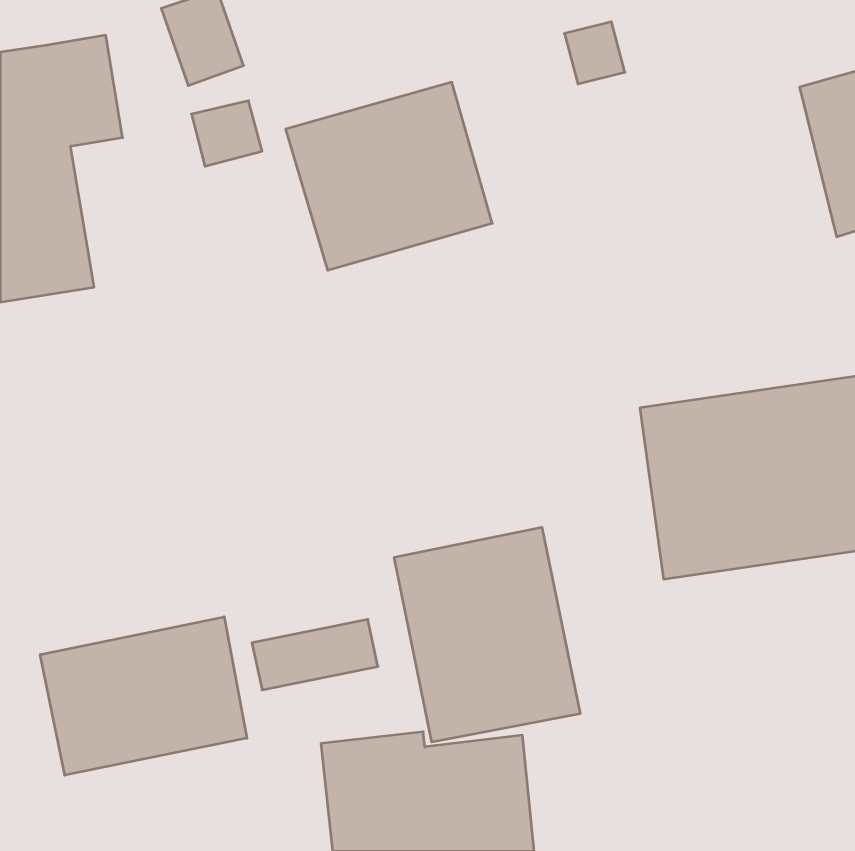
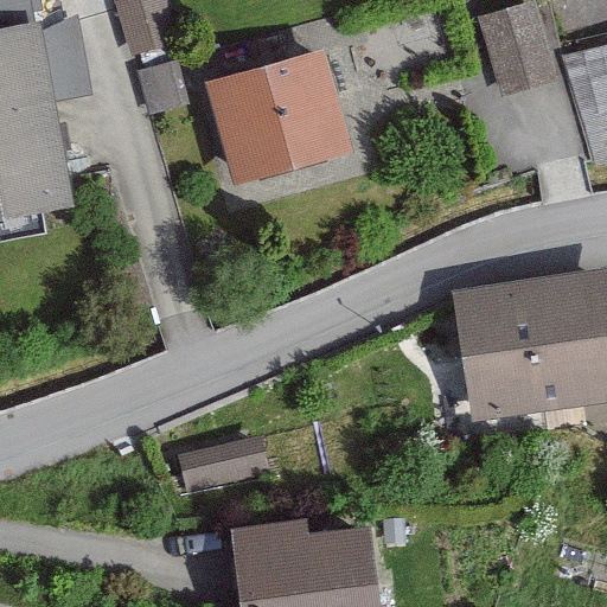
building: none -> [483,7,554,97]
building: [394,527,580,742] -> none
building: [40,617,247,775] -> none

